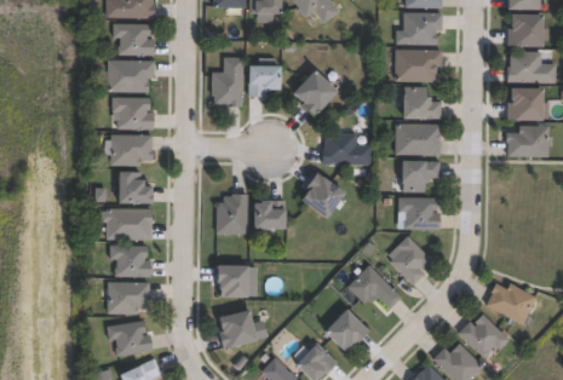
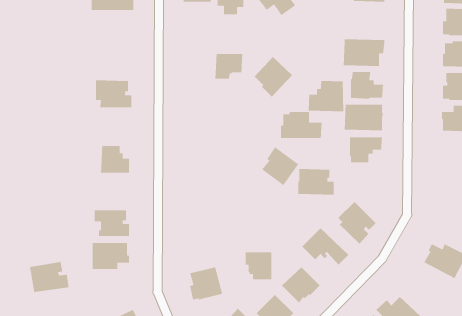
building: [395,12,443,44] -> none
building: [114,22,155,54] -> none
building: [213,57,243,106] -> none
building: [103,59,155,92] -> none
building: none -> [308,80,344,112]
building: [104,134,154,166] -> none
building: [217,194,248,234] -> none
building: [398,197,441,229] -> [297,168,334,196]
building: [254,200,286,228] -> none
building: [102,208,153,240] -> none
building: [217,265,248,298] -> [245,252,272,280]
building: [459,313,510,358] -> none
building: [108,319,154,356] -> [29,261,69,293]

